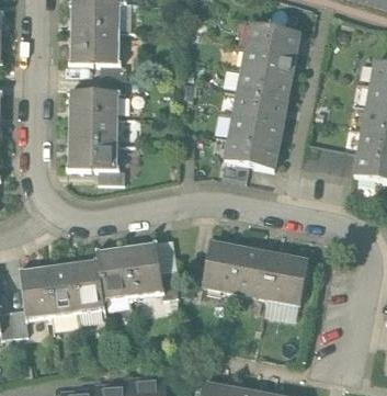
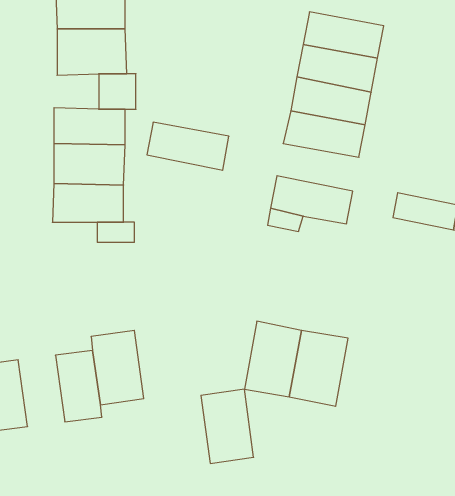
building: [226,113,284,147] -> [147,122,229,170]
building: [125,241,162,294] -> [201,389,254,463]
building: [268,251,308,305] -> none
building: [43,263,76,314] -> none

